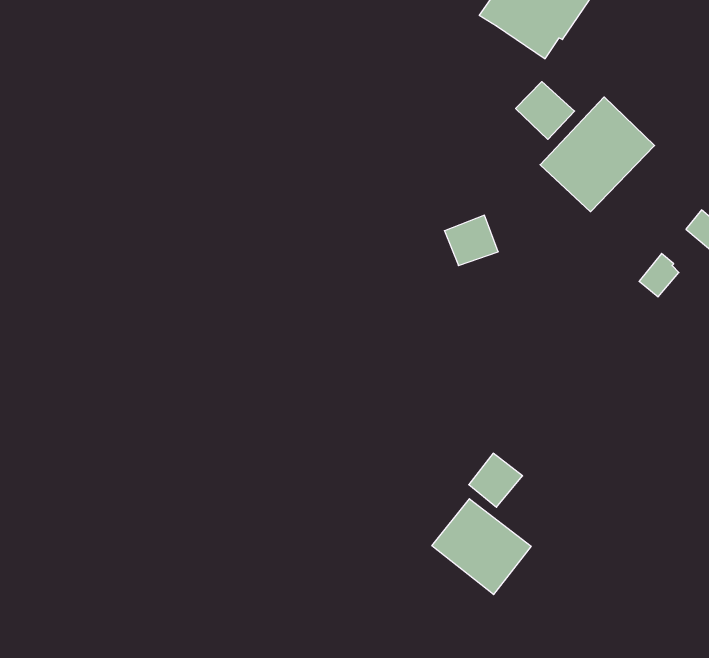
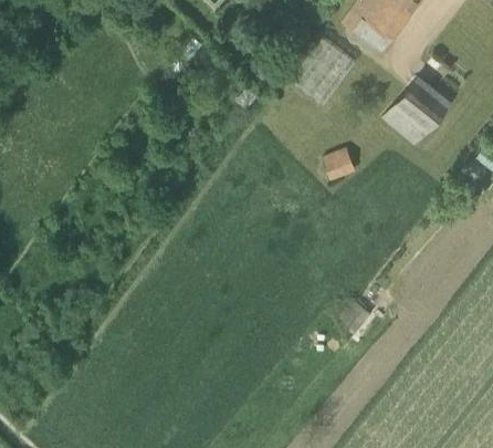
building: [516,82,575,139] -> none
building: [432,499,531,595] -> none

